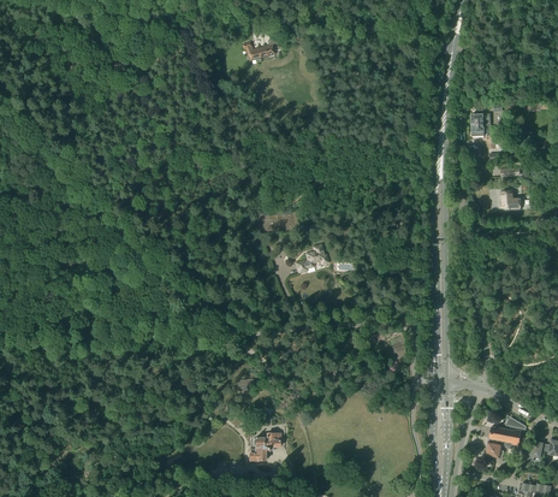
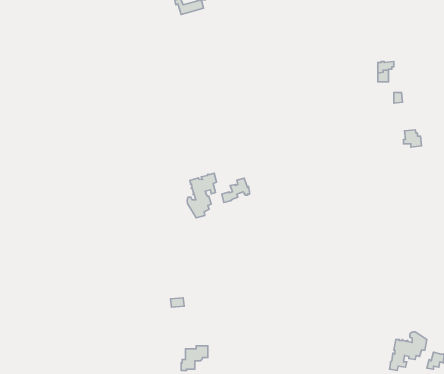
building: none -> [187,173,217,218]

